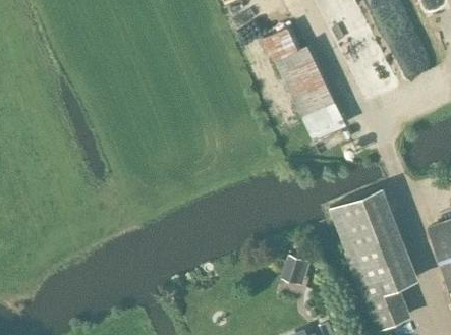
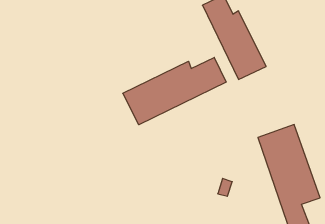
building: none -> [123,57,226,125]

